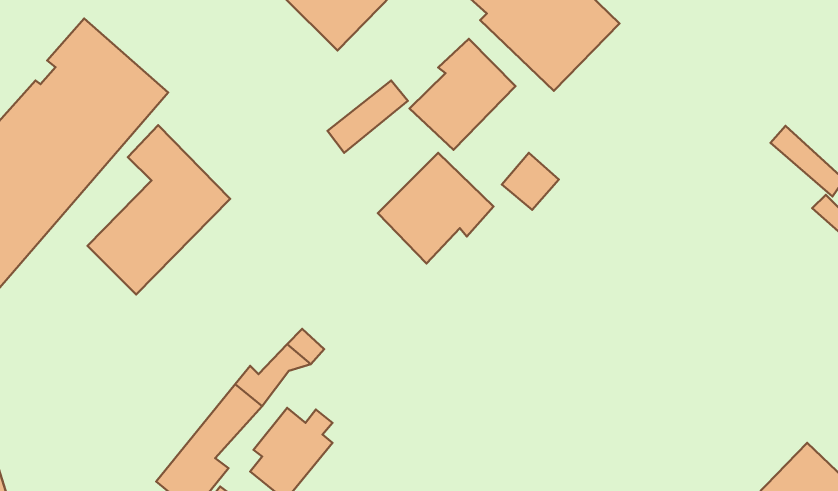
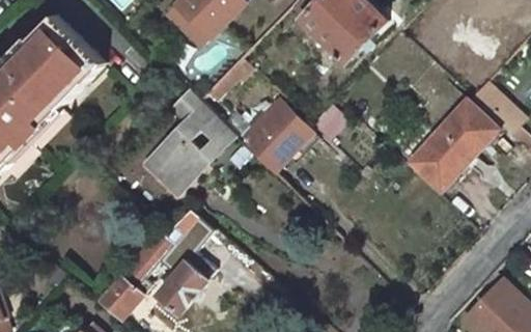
building: [410,39,516,150] -> none
building: [88,125,230,295] -> [145,89,233,194]
building: none -> [408,104,492,190]

